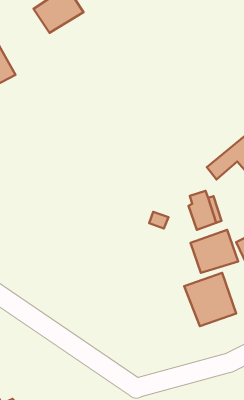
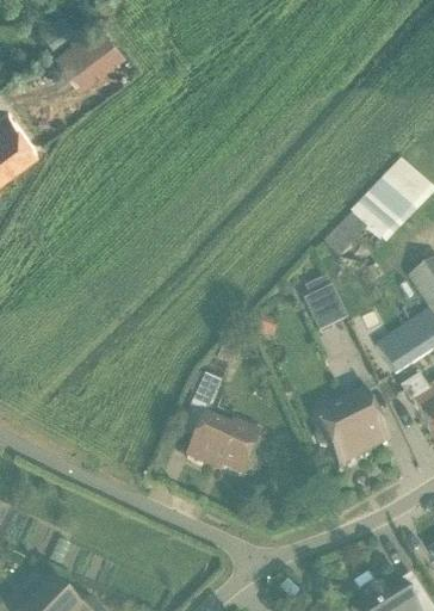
building: [191,230,238,273] -> none
building: none -> [179,371,258,474]

